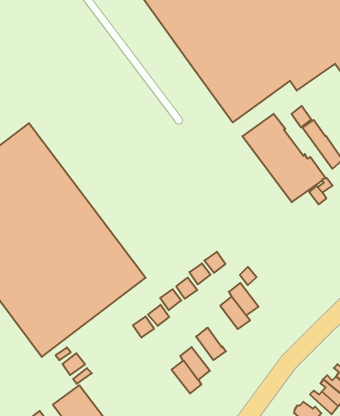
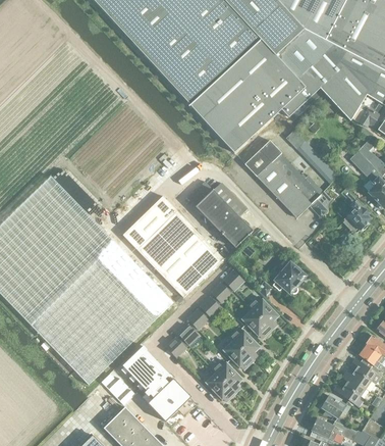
building: none -> [188,181,254,247]
building: none -> [122,196,223,297]
building: none -> [272,261,307,295]
building: none -> [230,327,259,356]
building: none -> [124,347,192,419]

